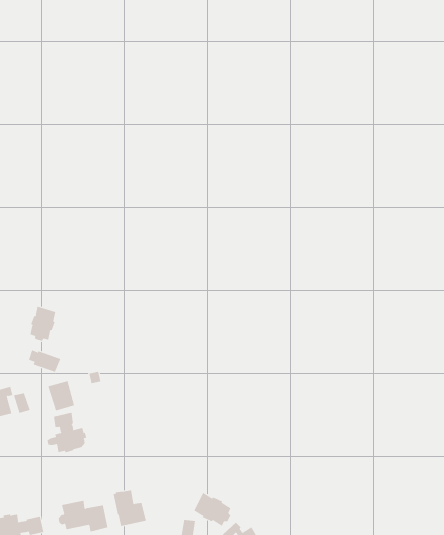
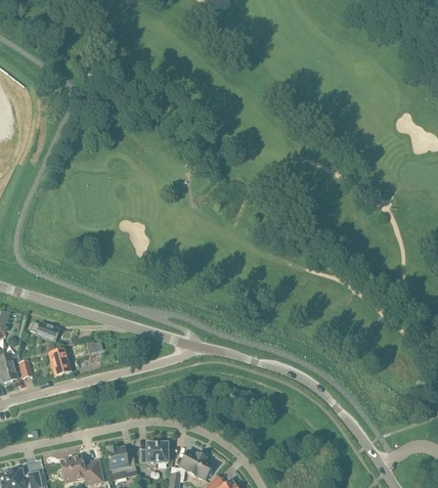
building: [30,306,56,341] -> none
building: [47,412,87,453] -> none
building: none -> [139,440,169,467]

